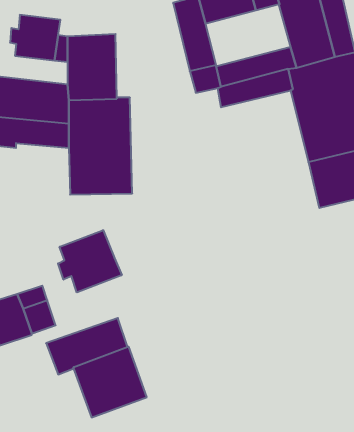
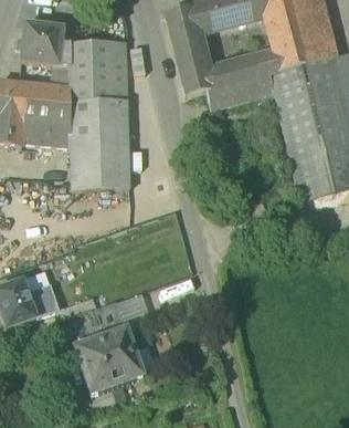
building: [58,230,122,292] -> none

